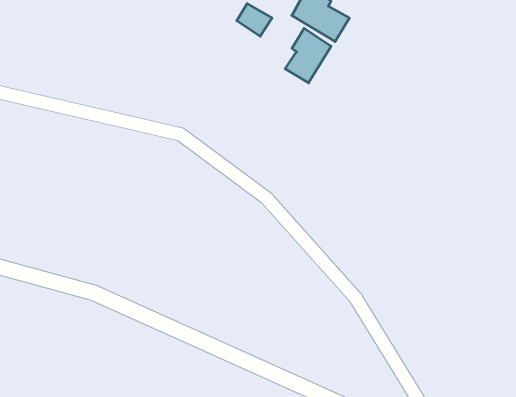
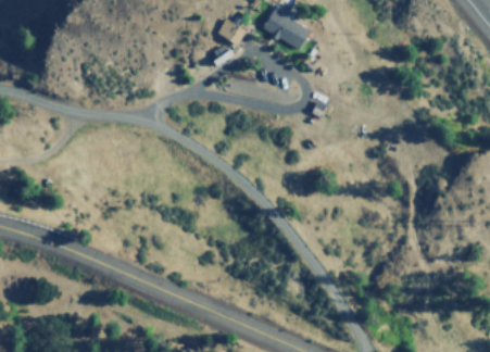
building: [285,28,331,83] -> none

